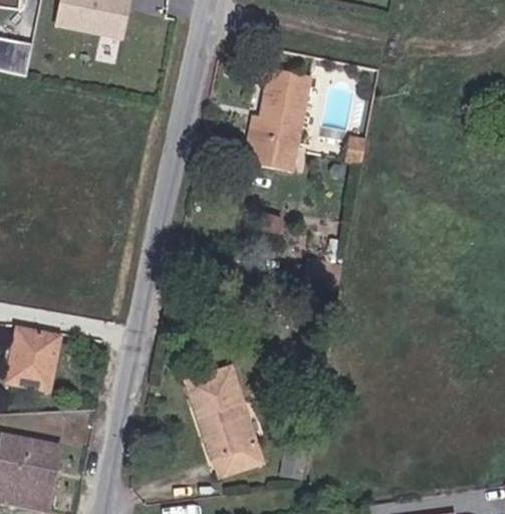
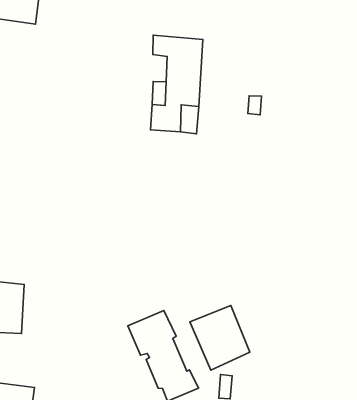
building: none -> [190,305,250,370]

